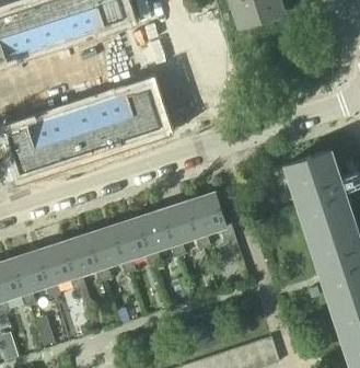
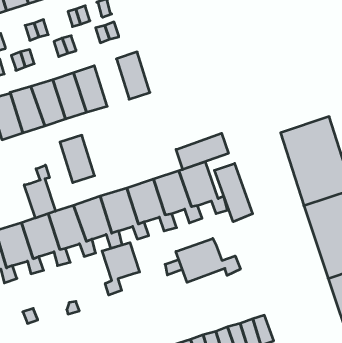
building: [108,94,141,139] -> [60,135,95,183]
building: none -> [176,133,228,170]
building: none -> [214,163,253,222]
building: none -> [24,165,55,218]
building: none -> [176,238,240,282]
building: none -> [102,243,140,295]

